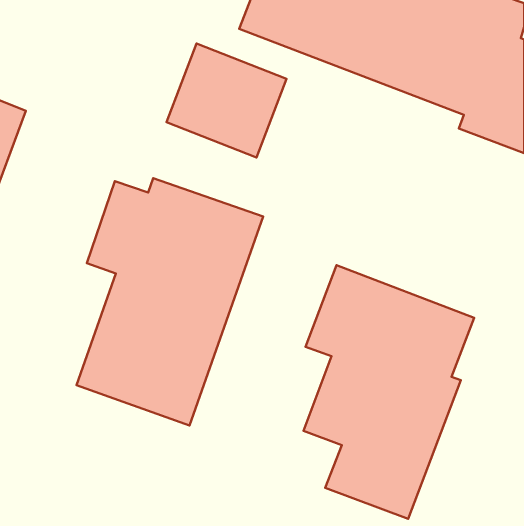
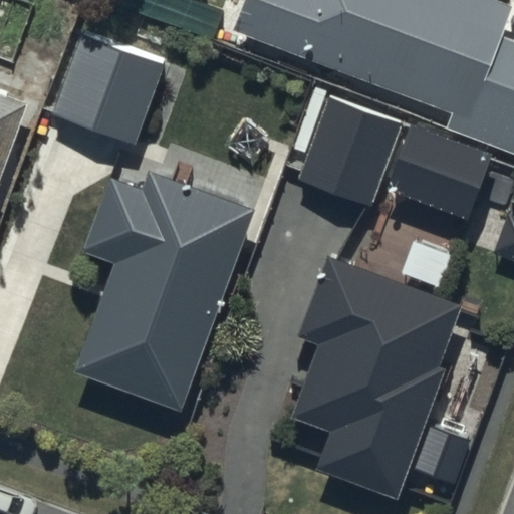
building: [166,44,287,158] -> [52,32,169,143]
building: none -> [296,97,490,211]

